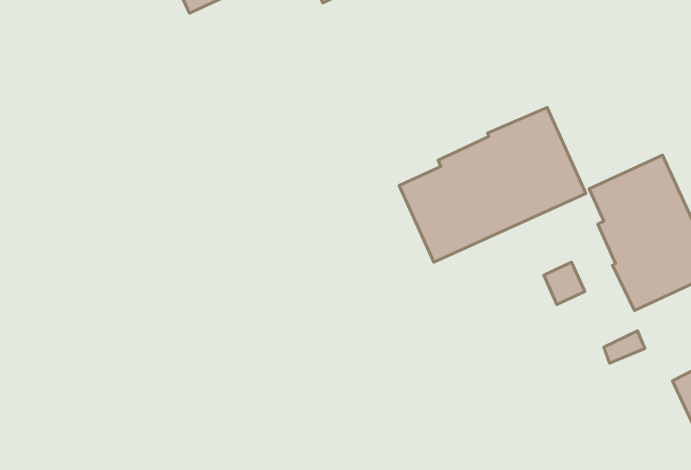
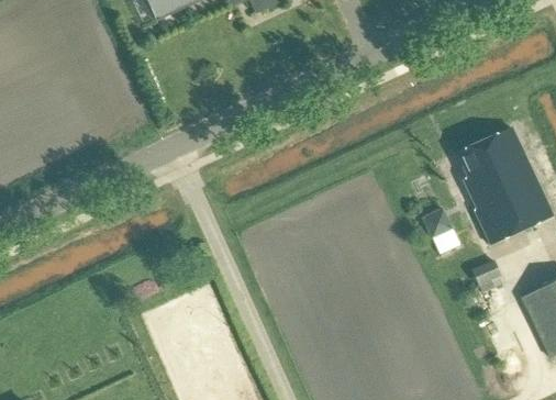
building: [399,107,586,262] -> none

